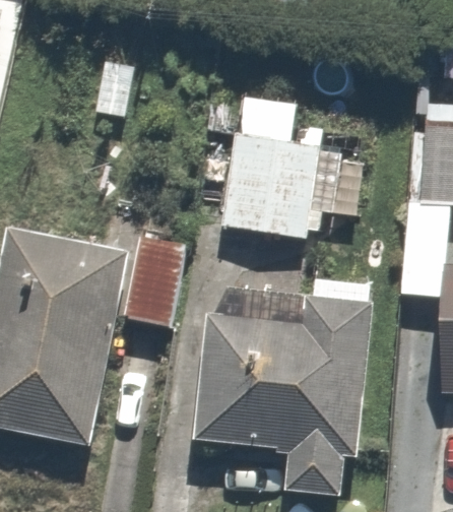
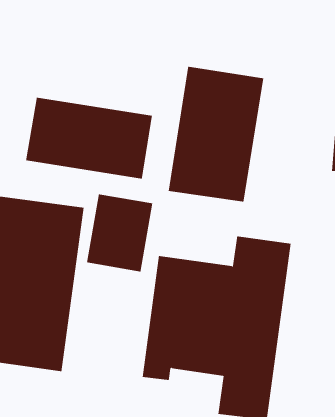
building: none -> [25,97,152,179]

